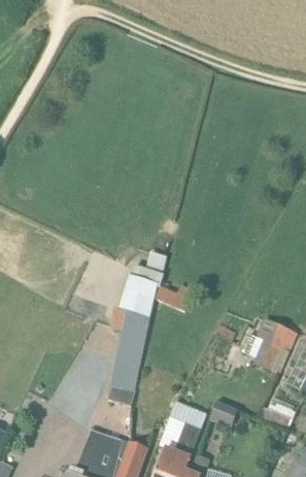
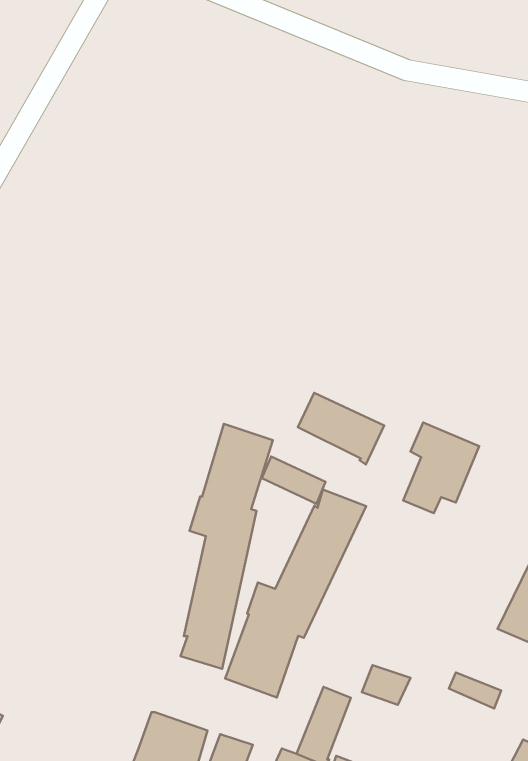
building: none -> [298,393,384,465]
building: none -> [225,489,366,697]
building: [252,319,296,371] -> [403,423,479,513]

